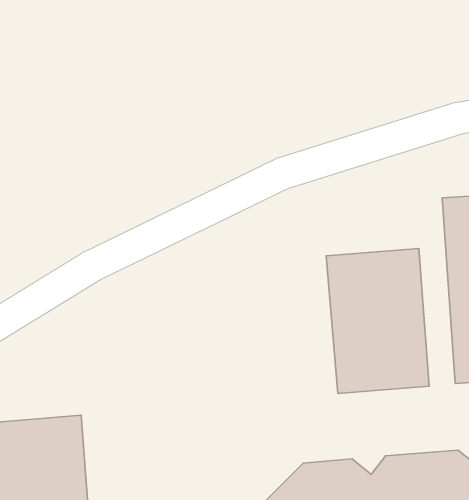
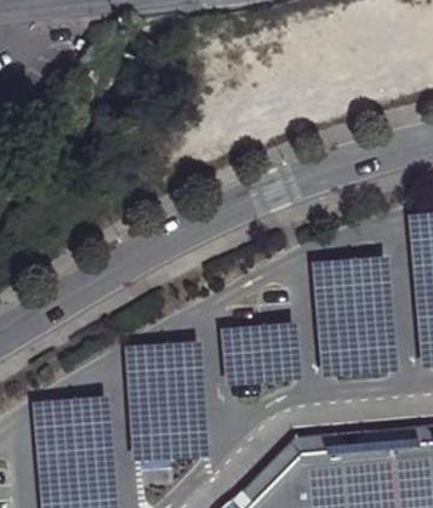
building: none -> [221,324,302,388]
building: none -> [126,344,209,463]

